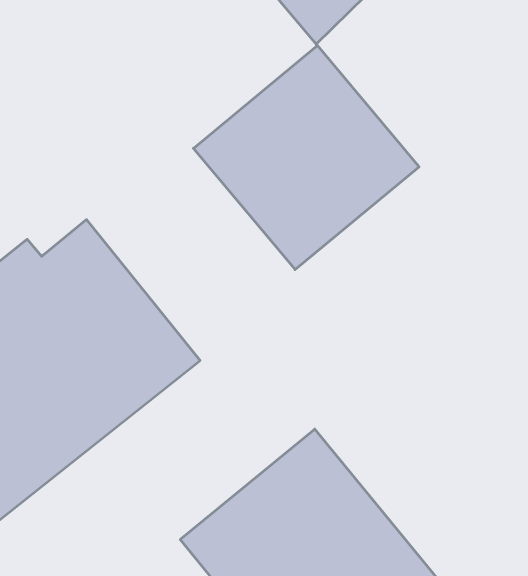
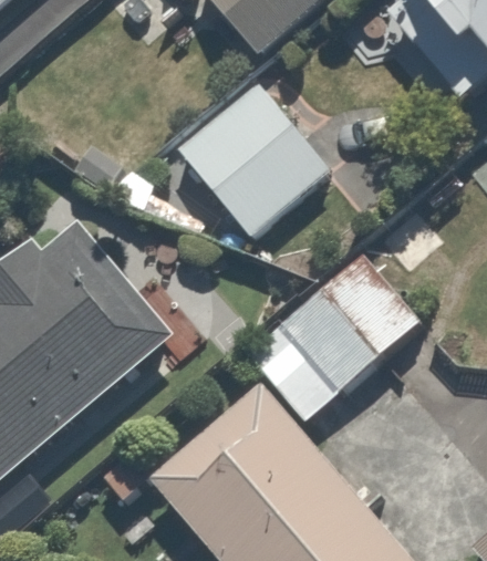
building: none -> [248,249,418,419]

